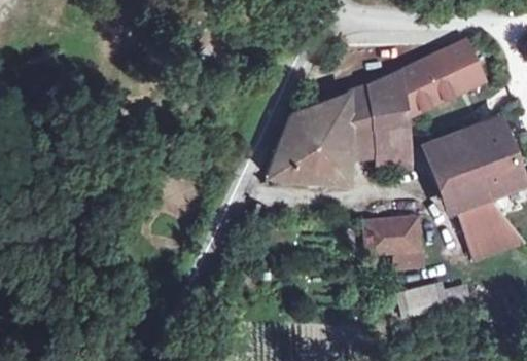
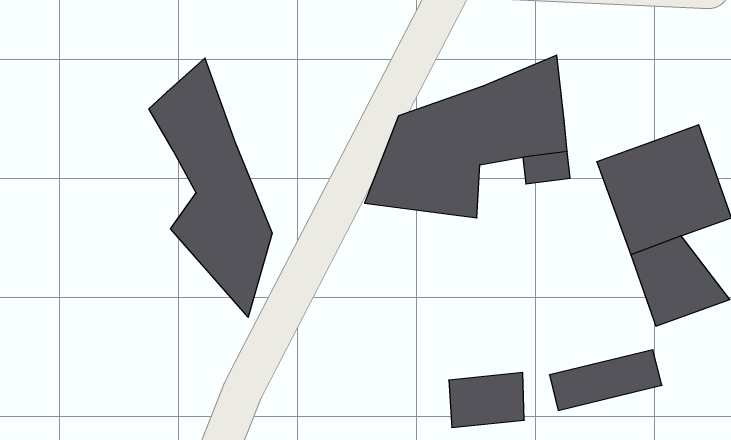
building: [401,42,483,116] -> none
building: none -> [149,58,272,317]
building: [366,218,419,256] -> [449,373,524,427]

